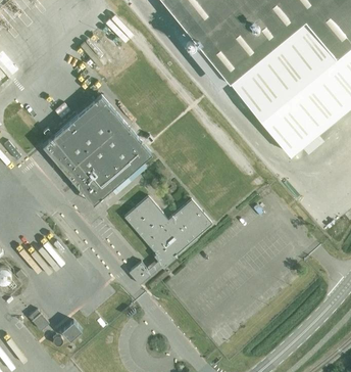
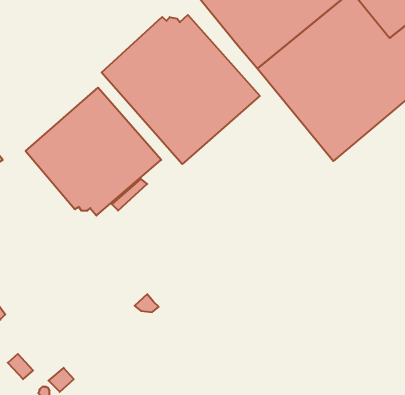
building: none -> [102,15,260,164]
building: [123,196,212,265] -> none

